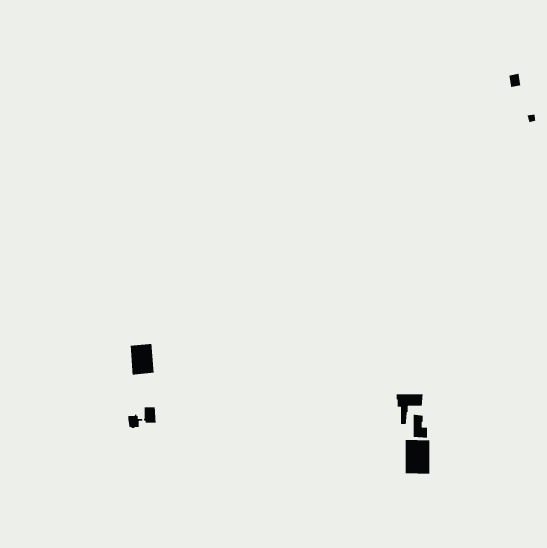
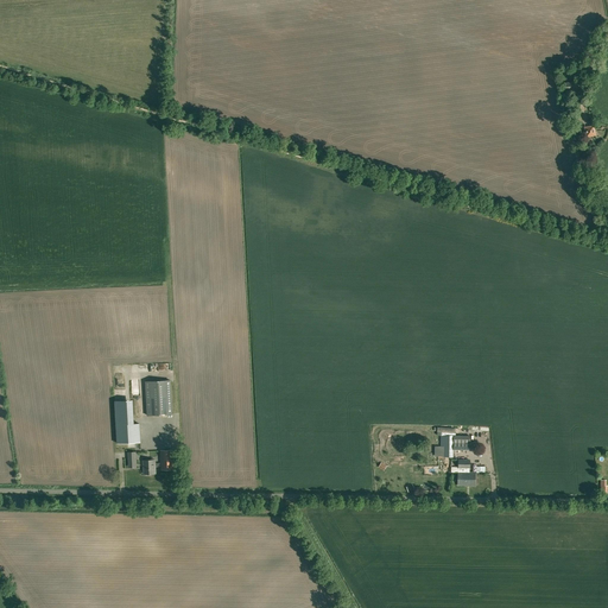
building: none -> [114,400,139,443]
building: [405,439,430,474] -> none

